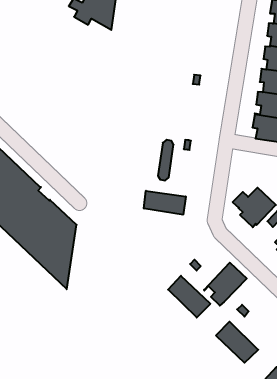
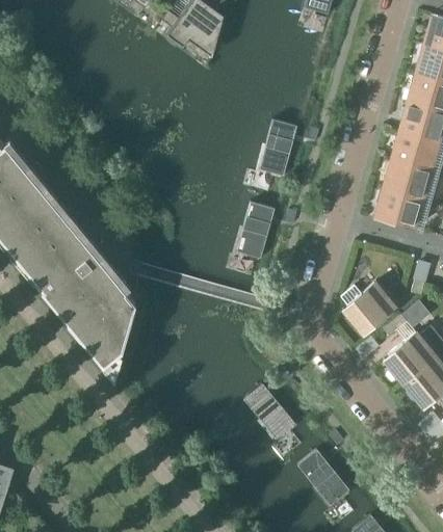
building: none -> [259,119,296,176]
building: [144,191,186,215] -> none
building: [204,263,247,306] -> none

